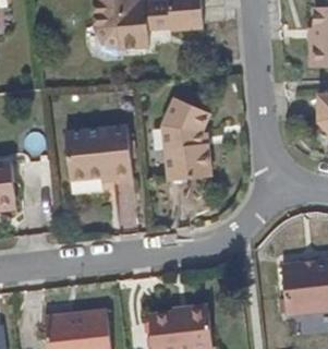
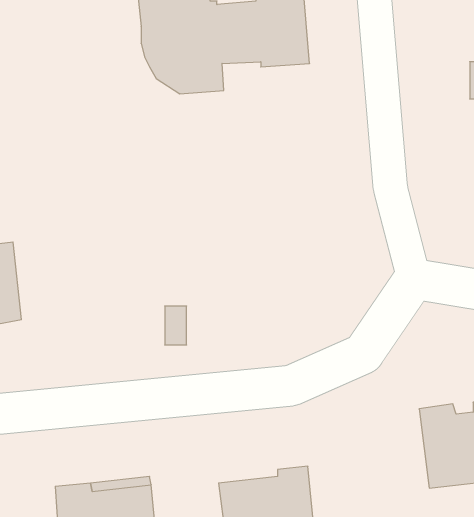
building: [162,96,212,180] -> none
building: [70,127,137,179] -> none

